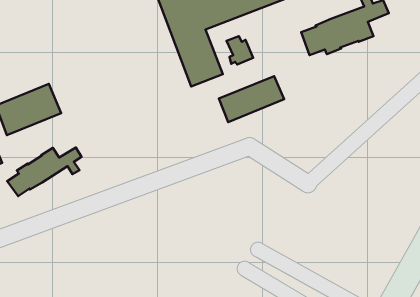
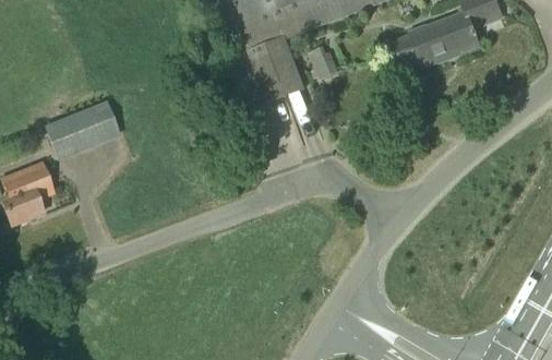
building: [219,76,284,122] -> none
building: [7,148,82,196] -> none

